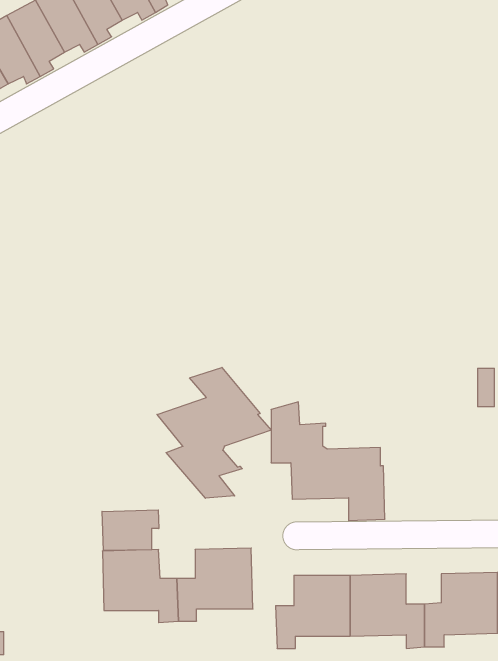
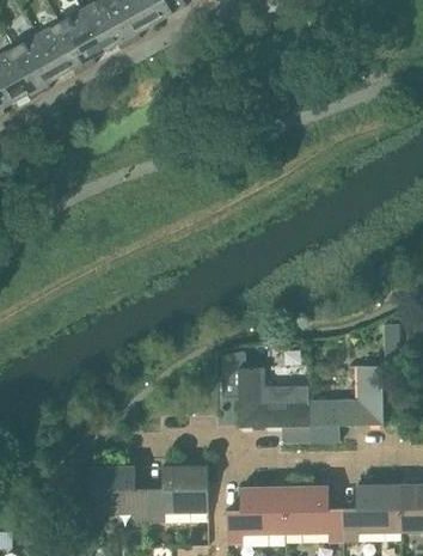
building: [157,367,271,498] -> none
building: none -> [309,365,382,441]
building: [102,510,159,551] -> none

